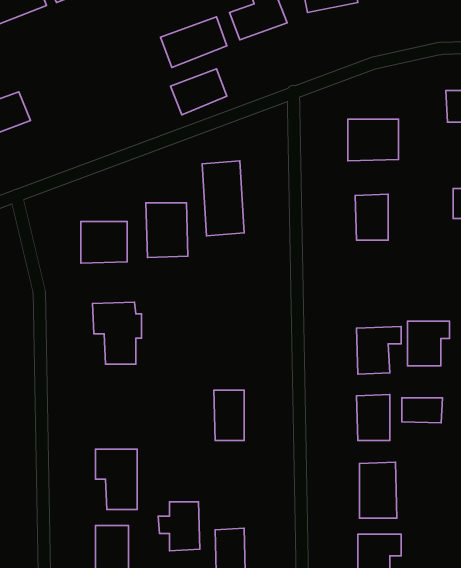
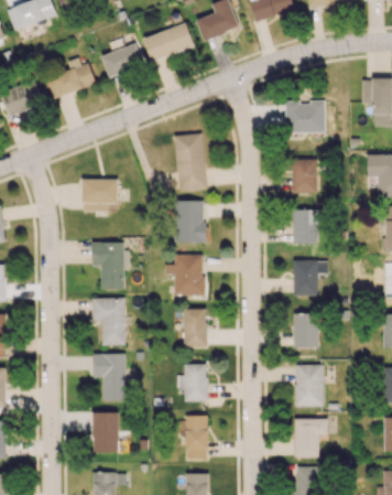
building: none -> [47,63,96,99]
building: [170,69,227,115] -> [100,43,143,78]
building: [146,203,188,258] -> [174,201,206,243]
building: none -> [165,255,205,295]
building: [408,321,449,366] -> [293,209,325,244]
building: none -> [92,298,126,345]
building: [402,398,442,423] -> none
building: [158,502,200,551] -> [176,364,208,401]

